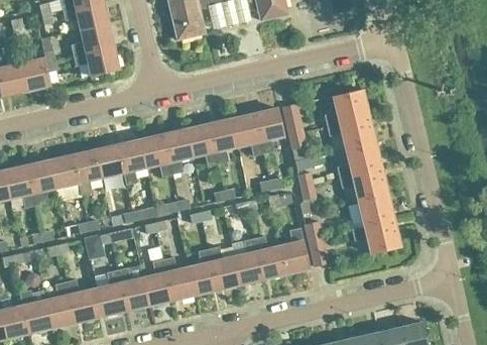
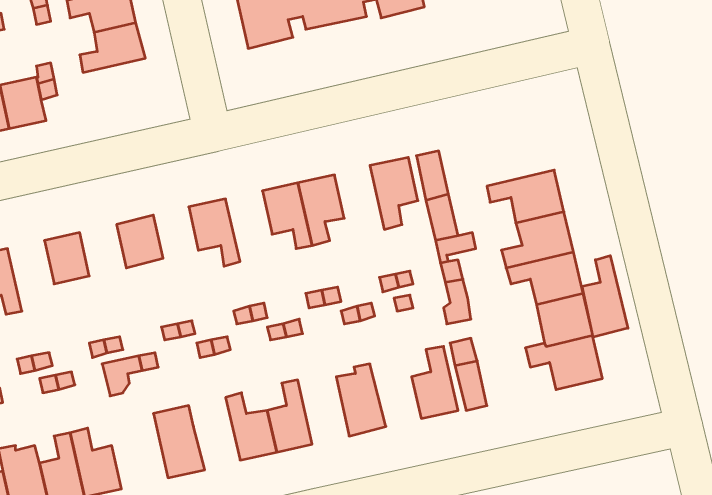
building: [73,45,117,76] -> none
building: [324,89,369,126] -> none
building: [231,113,262,155] -> none
building: [162,129,192,174] -> none
building: [117,139,145,185] -> none
building: [71,150,100,195] -> none
building: [25,160,54,205] -> none
building: none -> [582,256,628,337]
building: [253,235,285,277] -> none
building: [208,245,240,289] -> none
building: [142,259,171,305] -> none
building: [97,269,126,315] -> none

